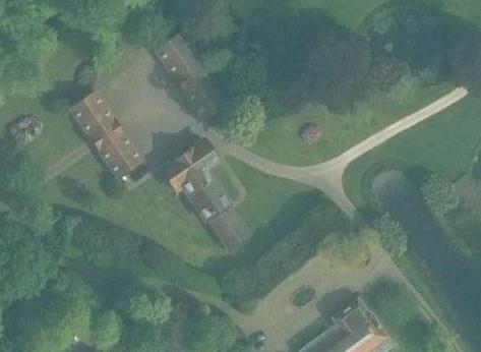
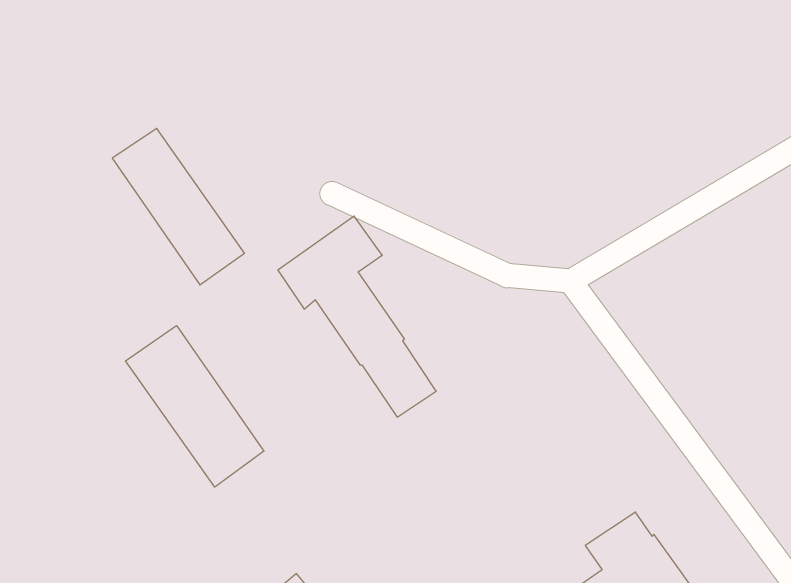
building: [156,33,228,118] -> none
building: none -> [126,326,264,487]

